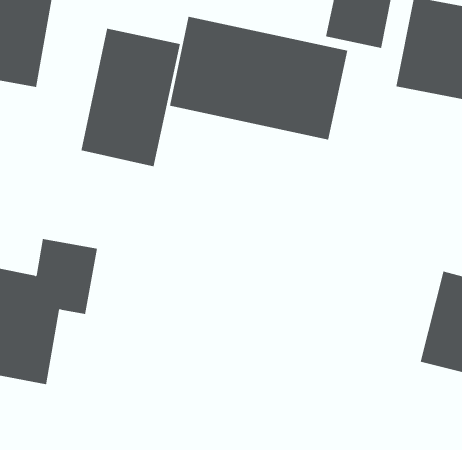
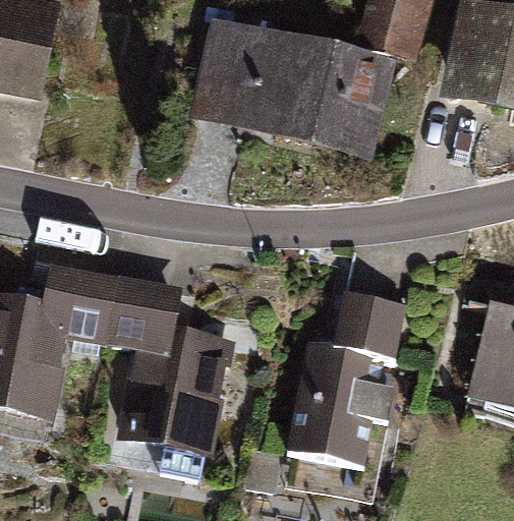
building: [81,28,180,167] -> none
building: none -> [99,274,235,460]
building: none -> [286,290,406,463]

